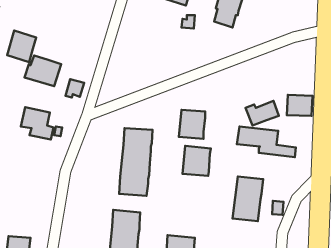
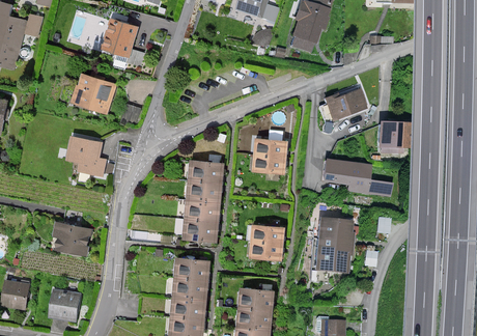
building: [7,31,36,62] -> [102,19,136,56]
building: [245,101,279,125] -> [326,89,365,118]
building: [183,146,211,176] -> [250,224,283,259]
building: none -> [52,222,91,254]

